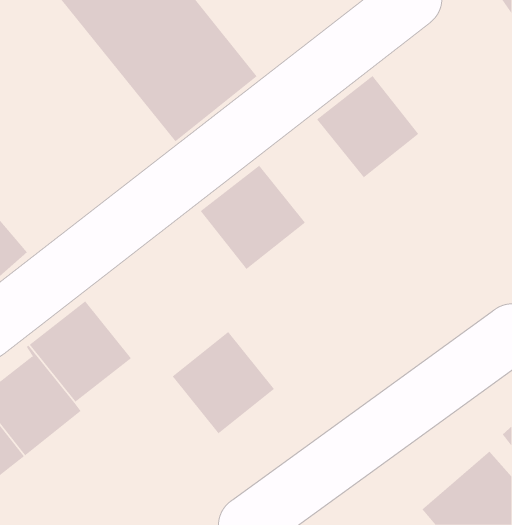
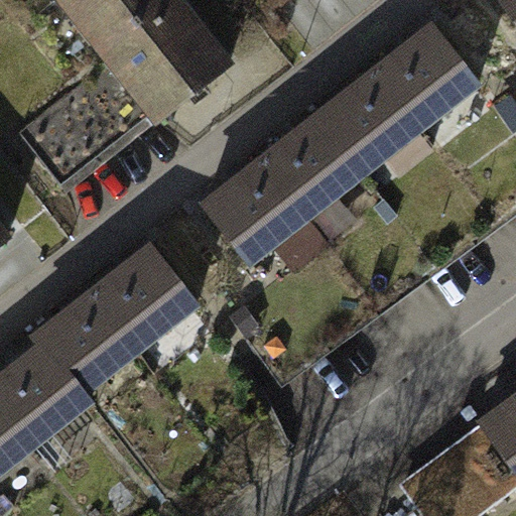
building: none -> [365,29,467,131]
building: none -> [254,117,356,218]
building: [172,331,275,434] -> [84,250,184,351]

